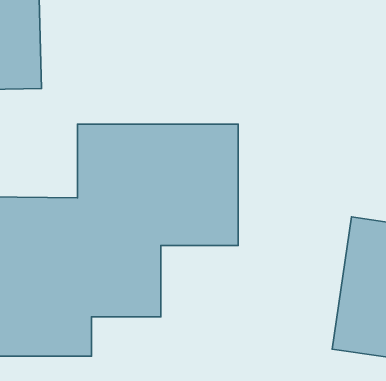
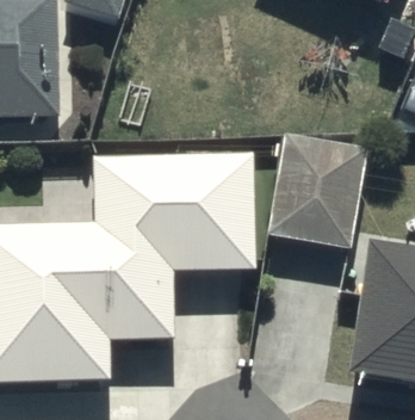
building: none -> [265,132,368,248]

